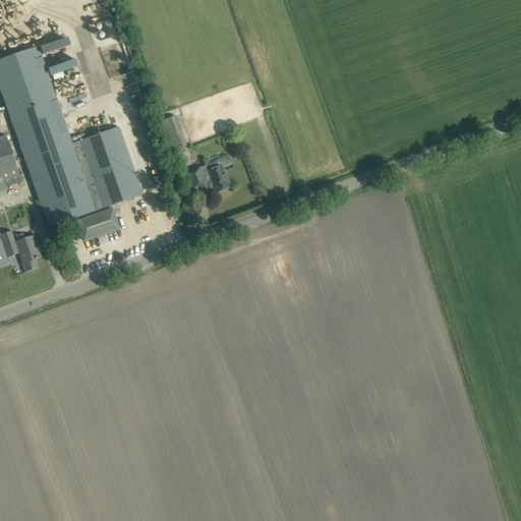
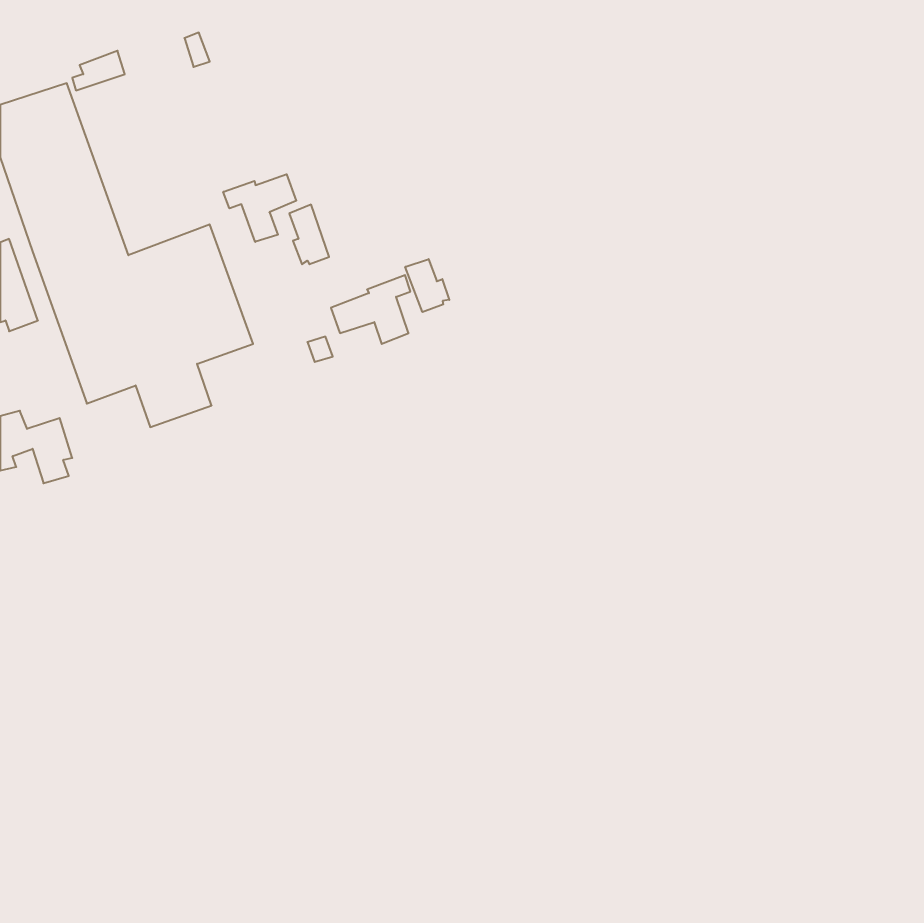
building: none -> [223,174,296,242]
building: none -> [405,259,449,312]

